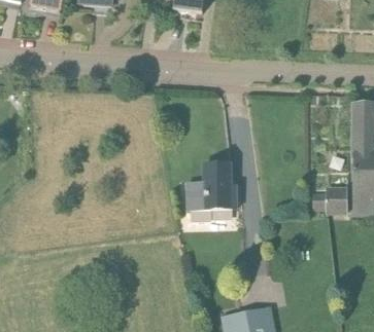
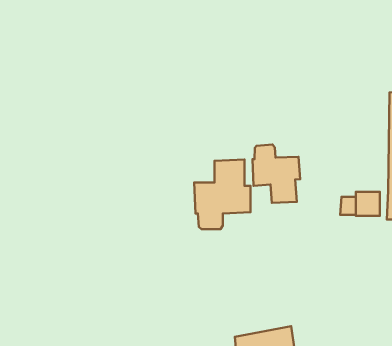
building: none -> [253,145,300,203]

